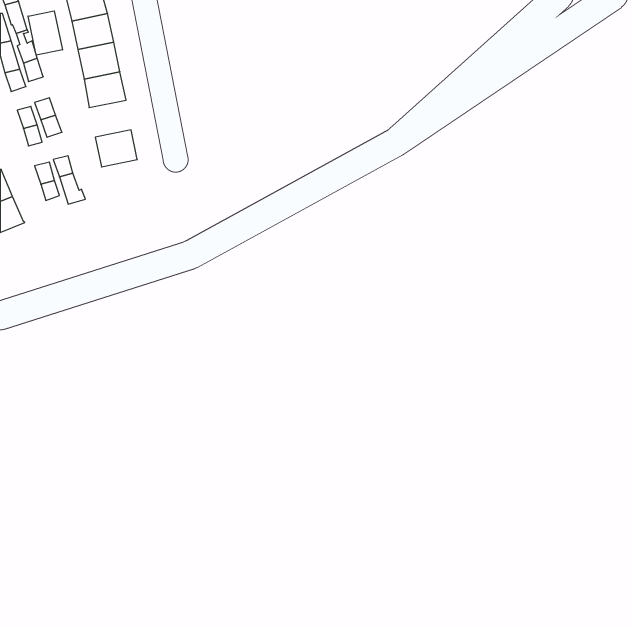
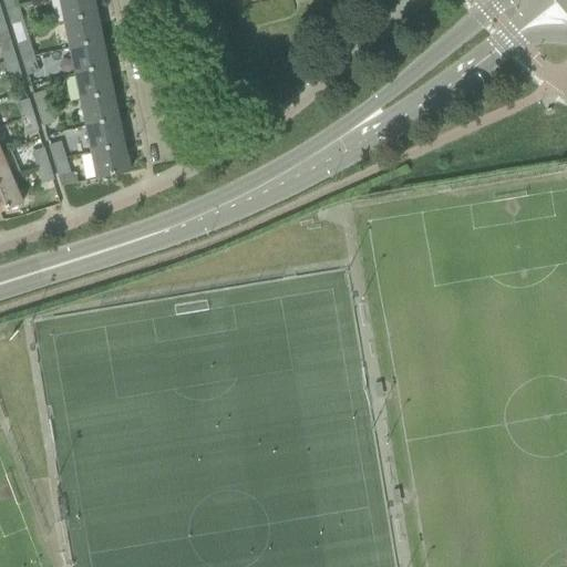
building: [28,11,62,55] -> none
building: none -> [80,90,117,123]
building: none -> [91,143,128,175]

